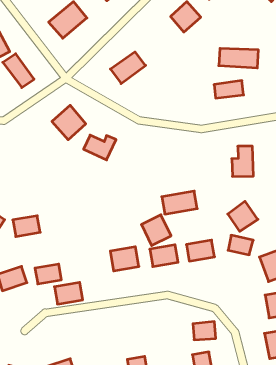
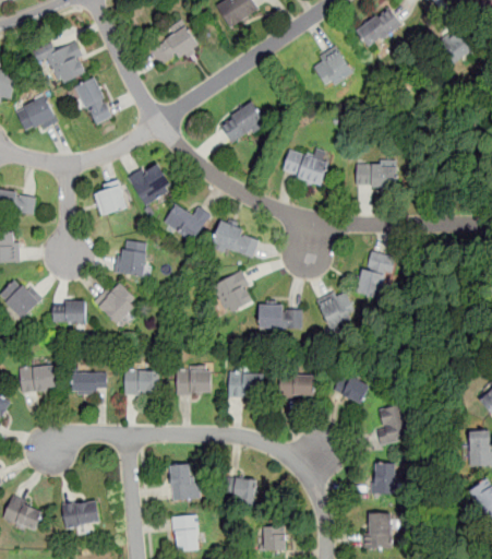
building: [219,48,258,68] -> [275,151,332,186]
building: none -> [92,180,129,216]
building: none -> [212,222,260,259]
building: none -> [116,240,148,277]
building: none -> [95,282,140,326]
building: [228,201,258,231] -> [317,290,357,330]
building: [141,215,171,246] -> [216,273,253,312]
building: [54,282,83,304] -> [124,369,159,393]
building: none -> [170,463,200,499]
building: [193,322,216,340] -> [225,477,256,502]

